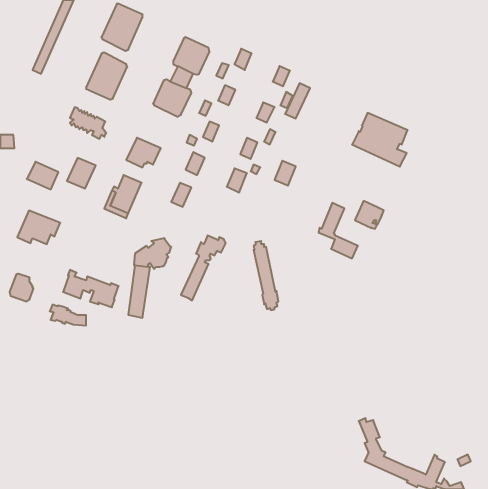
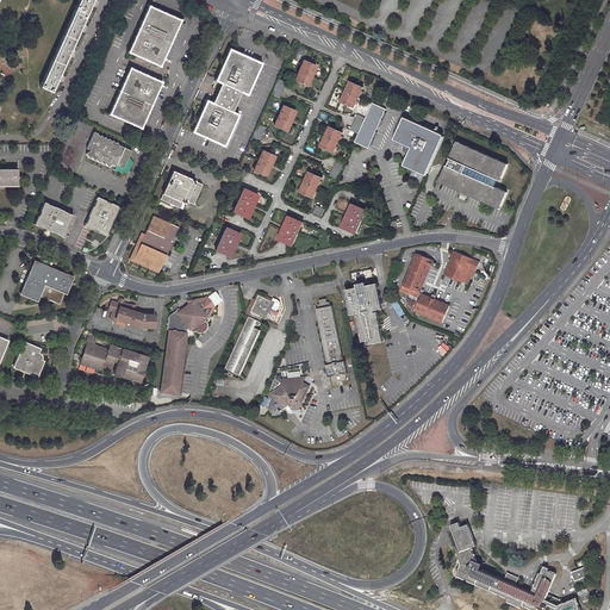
building: none -> [394,117,444,174]
building: none -> [343,280,380,342]
building: none -> [272,371,310,412]
building: [50,305,86,326] -> [110,301,155,328]

